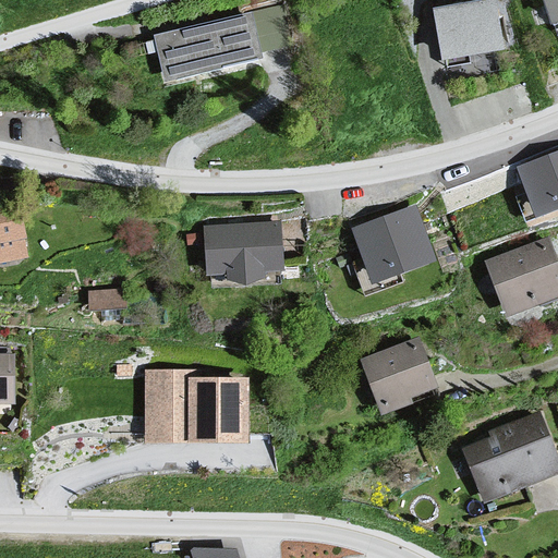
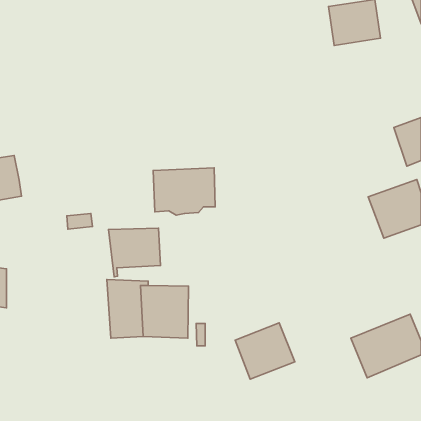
building: [156,12,265,83] -> none
building: [353,207,434,280] -> none
building: none -> [109,228,160,277]
building: [361,335,439,409] -> [235,323,295,379]

